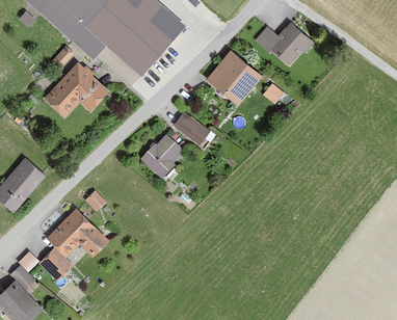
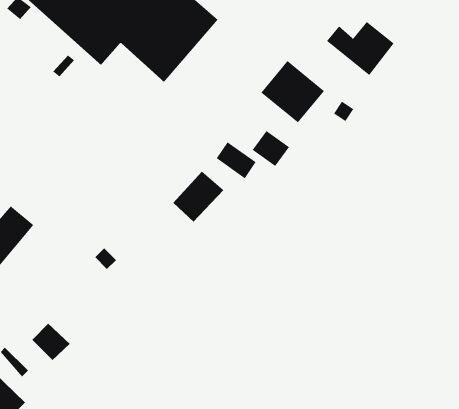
building: [47,64,104,122] -> none
building: none -> [252,130,290,167]
building: [49,210,106,254] -> none

